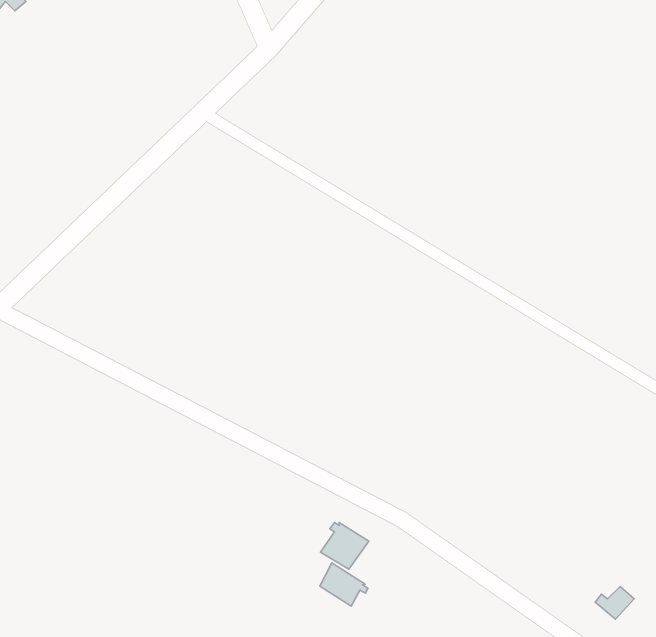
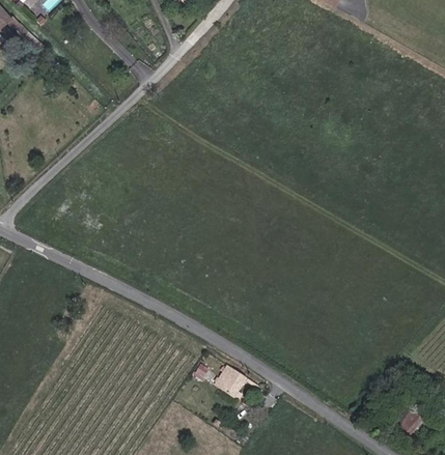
building: [320,563,368,606] -> none

